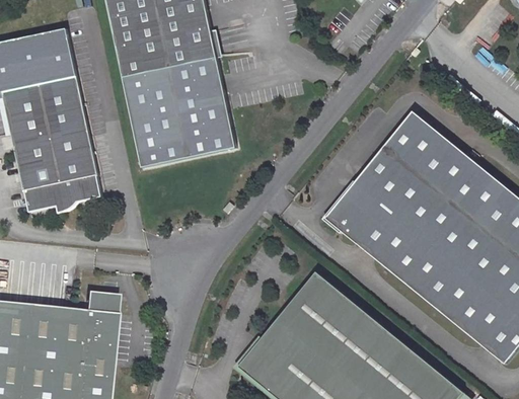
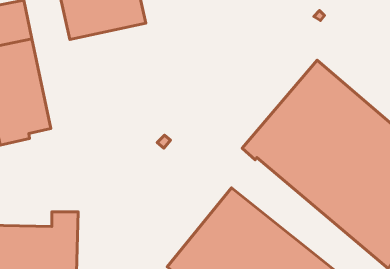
building: [117,62,229,172] -> none

